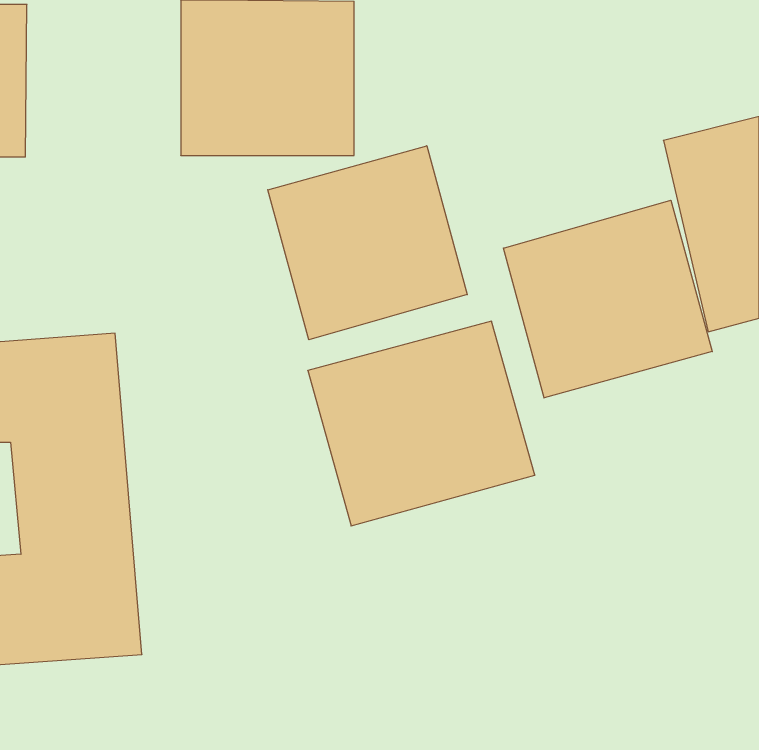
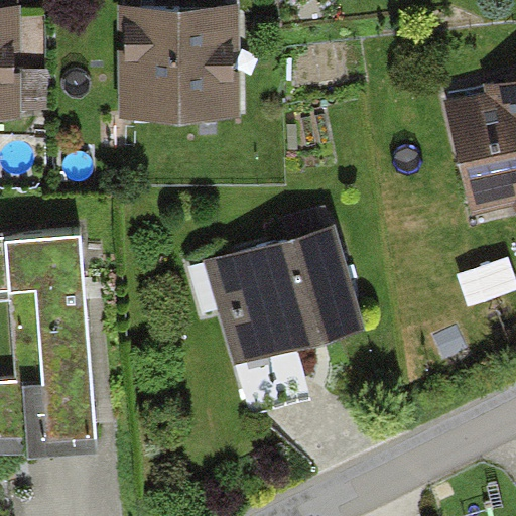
building: [268,146,467,340] -> none
building: [503,200,712,398] -> none

